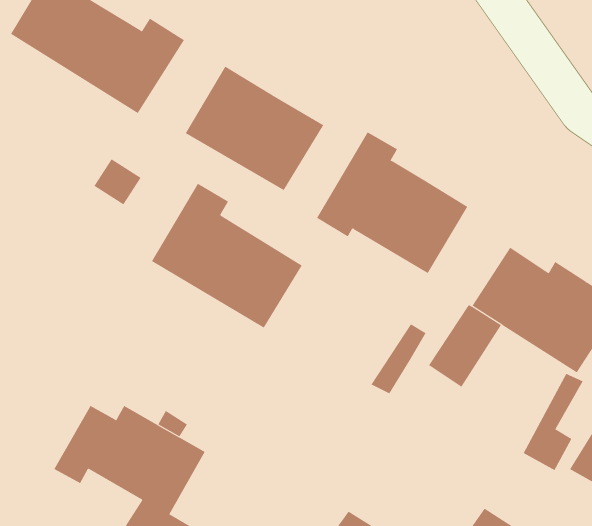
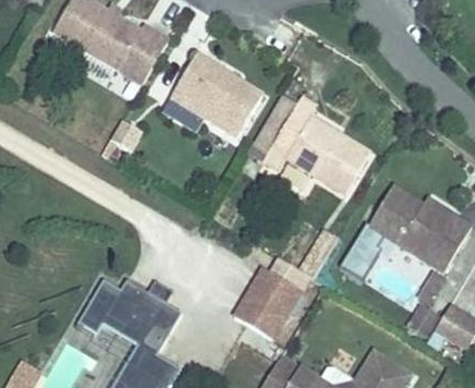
building: [151,183,303,329] -> none
building: none -> [238,271,304,342]

